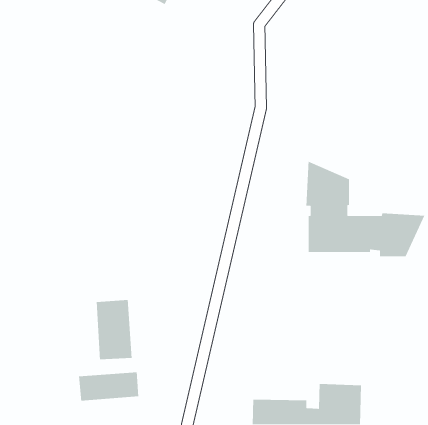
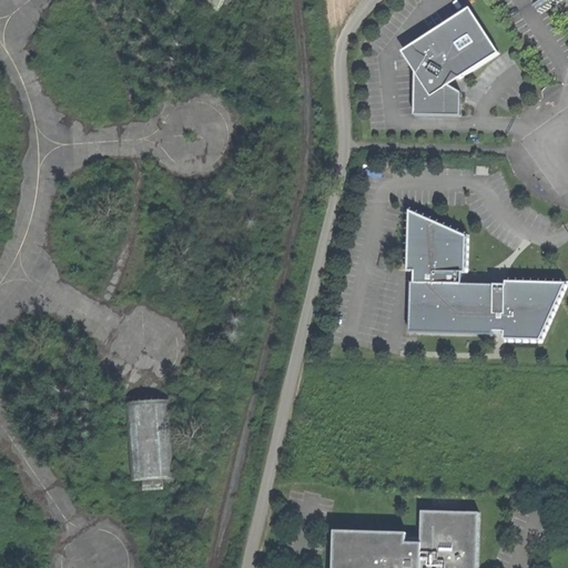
building: none -> [409,6,497,114]
building: [78,372,139,402] -> none

